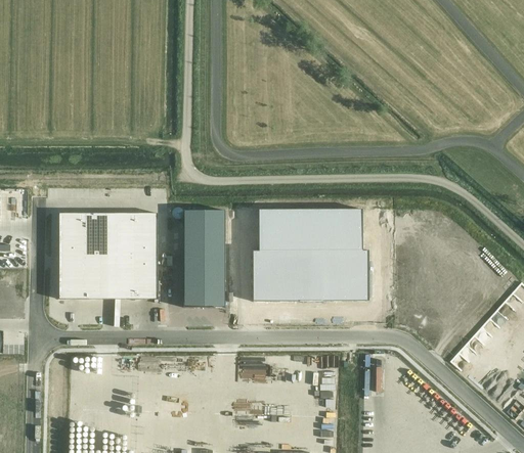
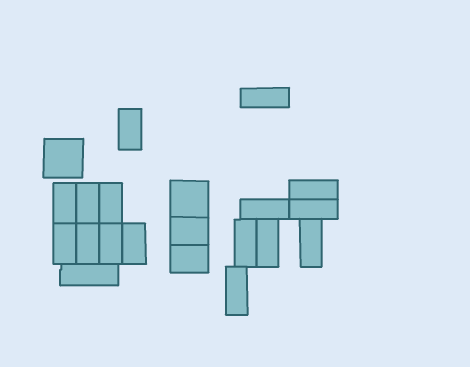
building: none -> [44,139,83,178]
building: [258,209,310,229] -> [240,88,289,107]
building: [132,212,157,255] -> [119,109,142,149]
building: [299,250,322,301] -> [226,267,248,315]
building: [345,250,368,301] -> none
building: none -> [60,264,118,286]

